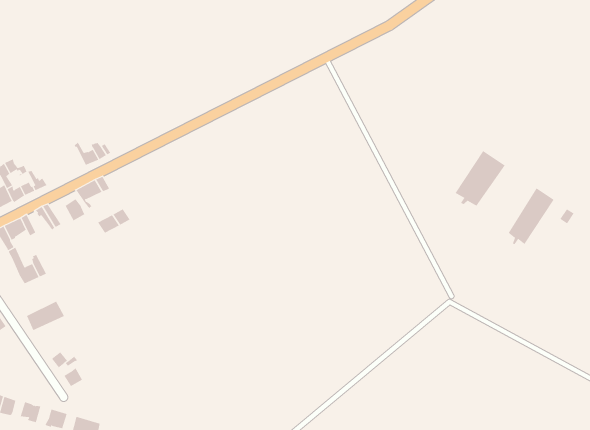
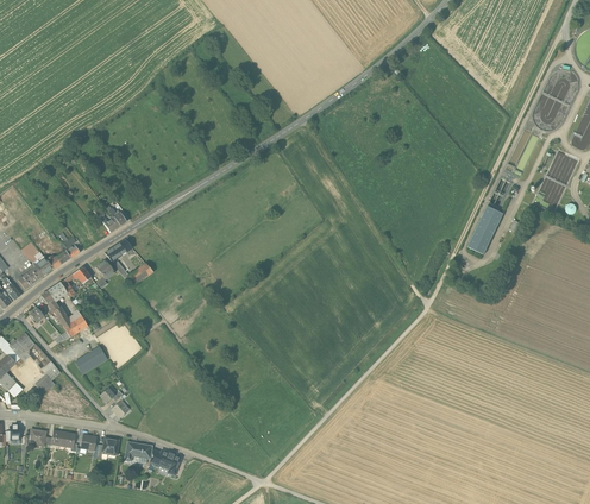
building: [455,150,505,206] -> none

